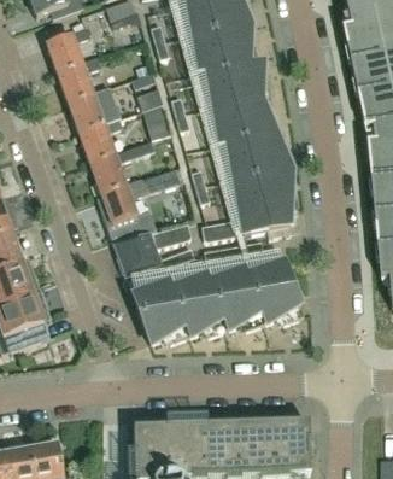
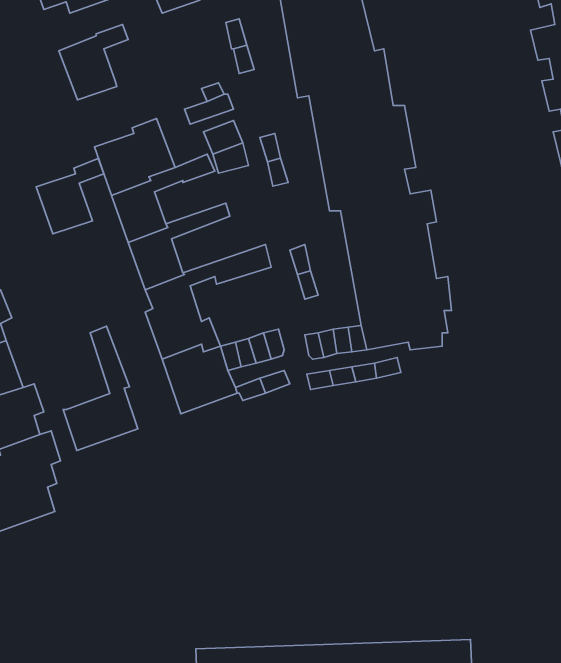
building: [57,57,100,105] -> [36,159,104,234]
building: none -> [63,326,138,450]
building: [133,261,305,344] -> none

